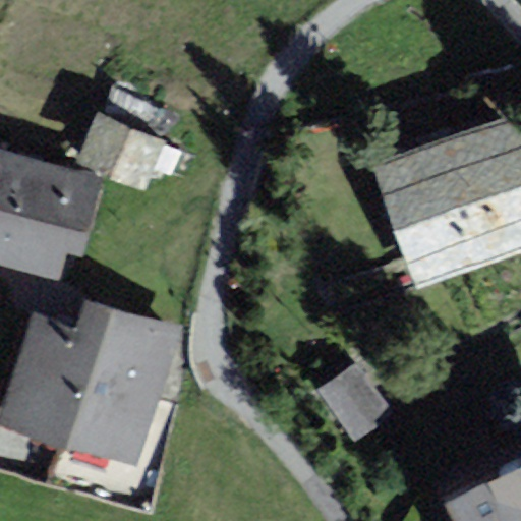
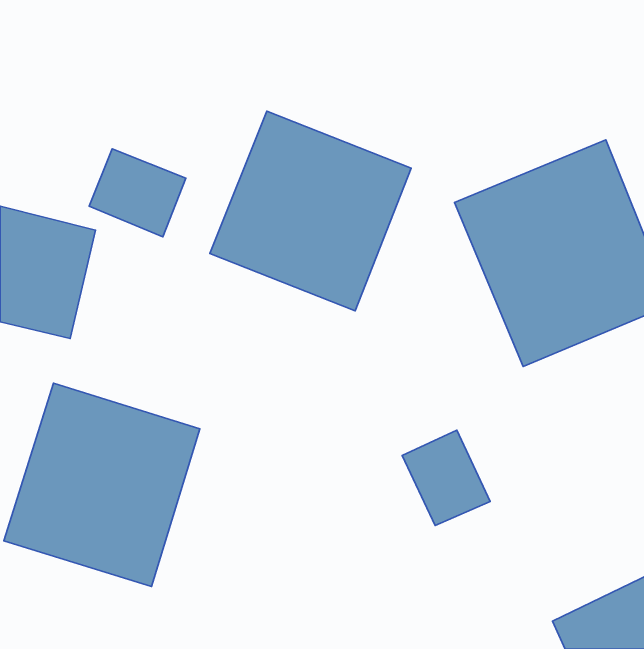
building: none -> [210,111,411,311]

